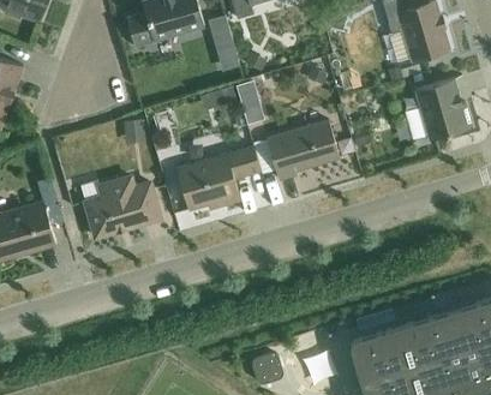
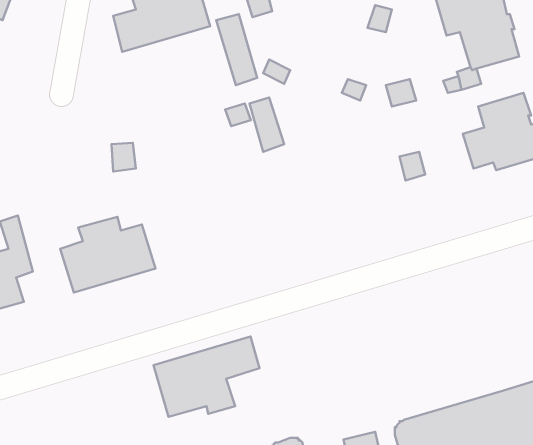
building: [267,121,340,180] -> none
building: [176,146,261,210] -> [153,337,260,417]

